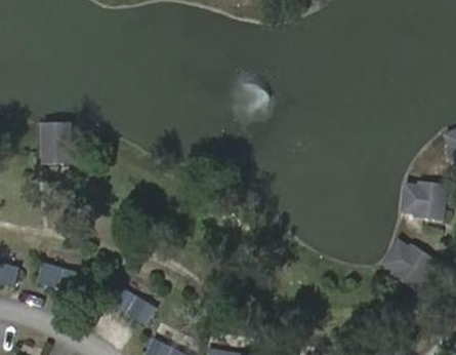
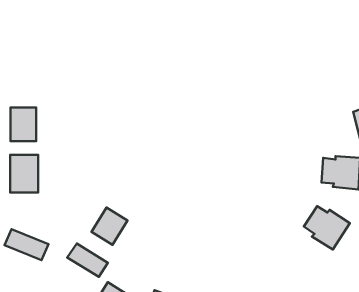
building: none -> [10,155,38,193]
building: none -> [92,208,128,245]

